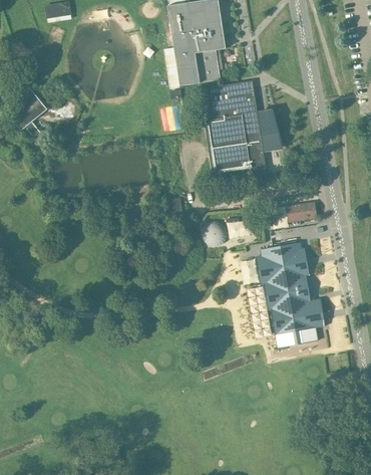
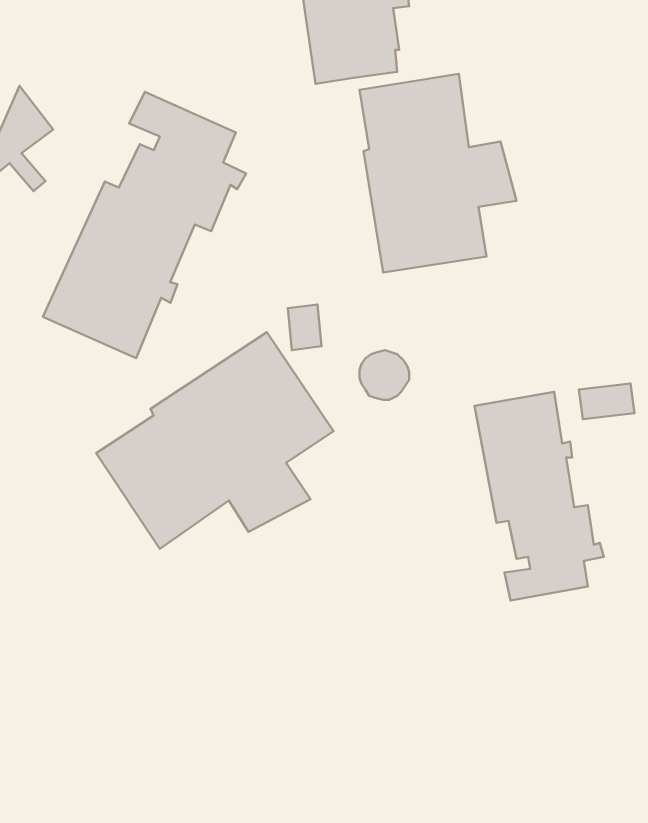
building: none -> [43,92,246,358]
building: [287,203,315,221] -> [579,383,634,419]
building: none -> [96,332,334,549]

